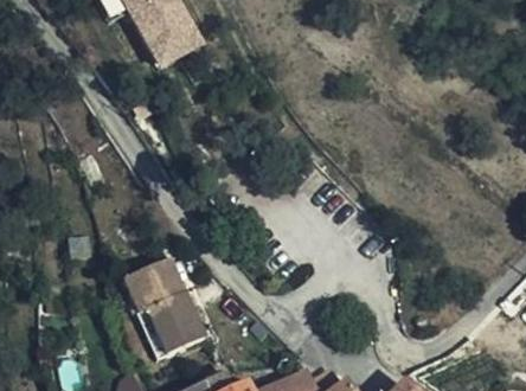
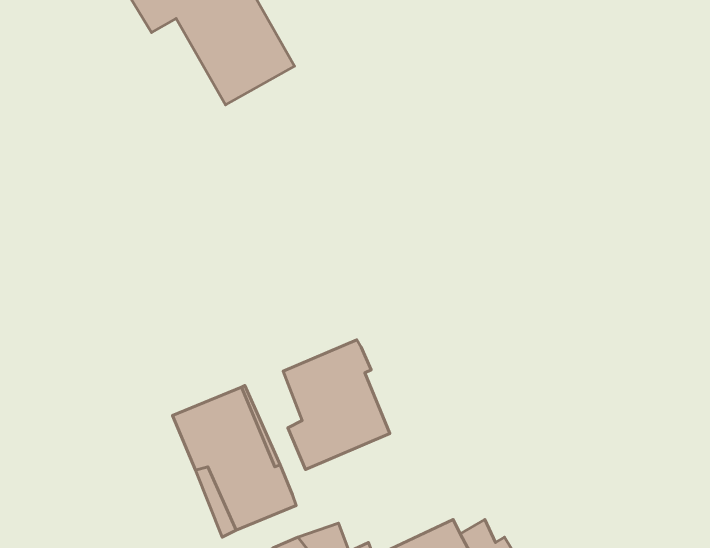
building: none -> [283,340,390,470]

